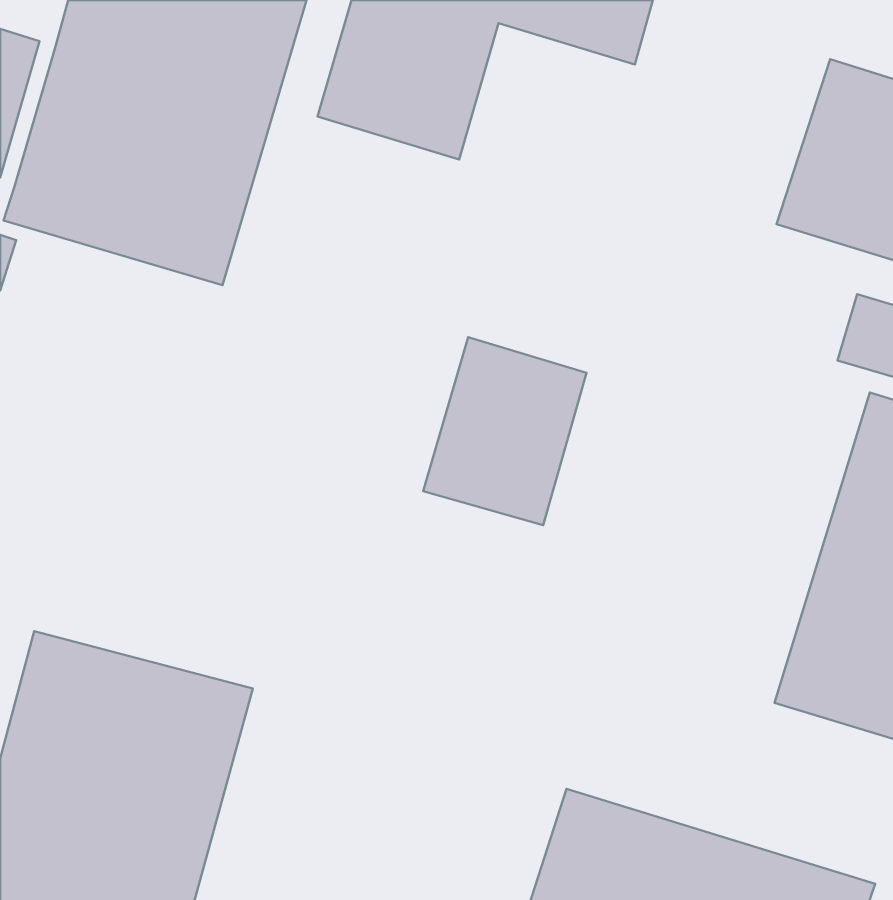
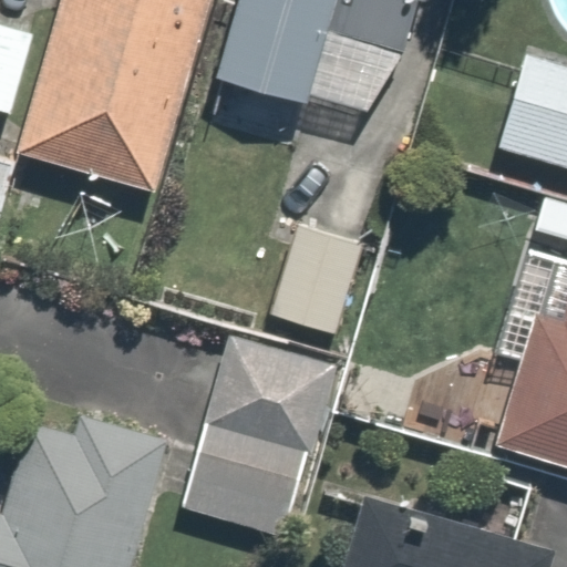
building: none -> [183,337,341,546]

